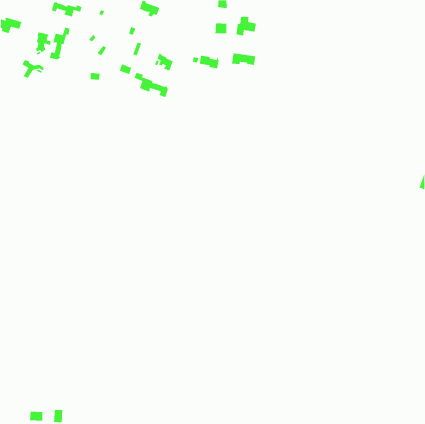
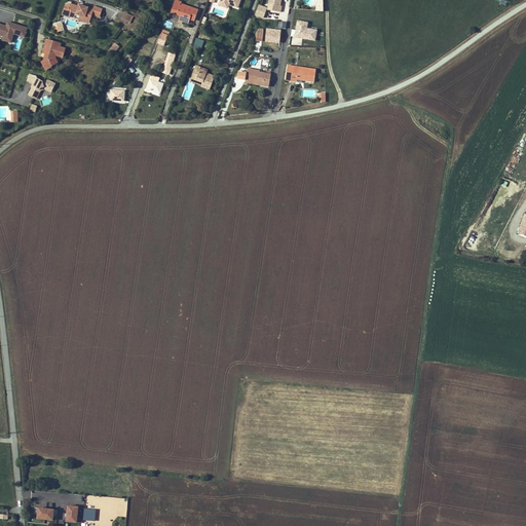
building: [49,27,70,60] -> none
building: [134,72,169,98] -> none

